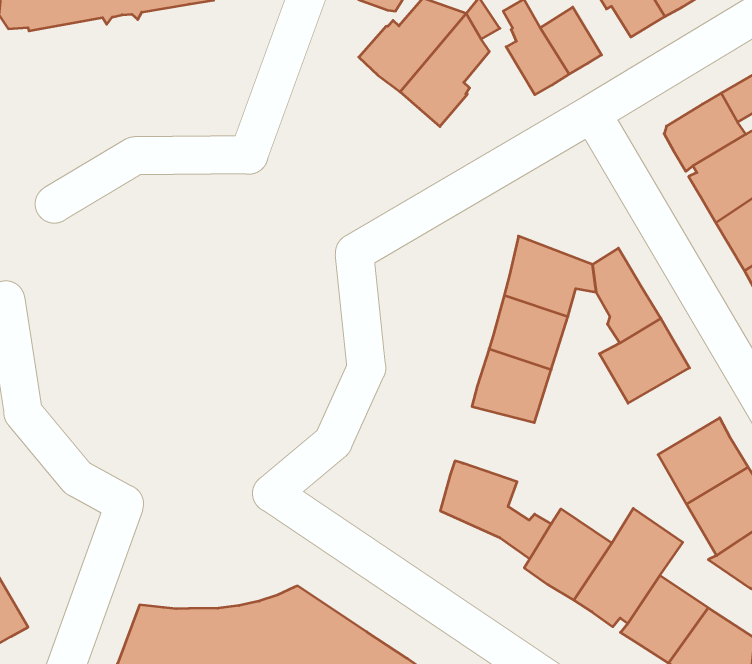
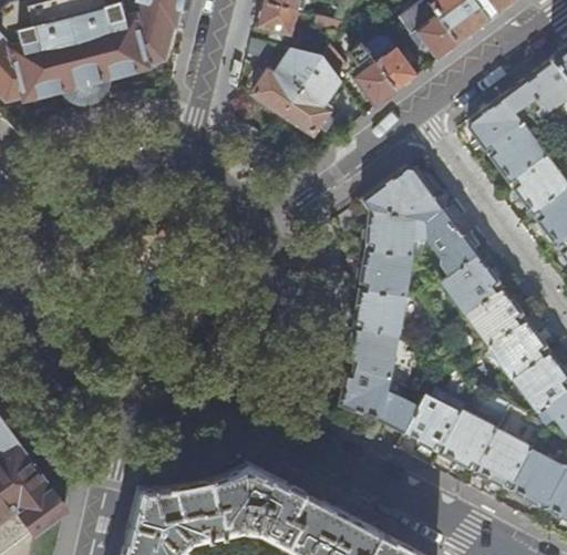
building: none -> [362,165,444,220]
building: none -> [462,285,526,347]
building: none -> [349,327,399,376]

